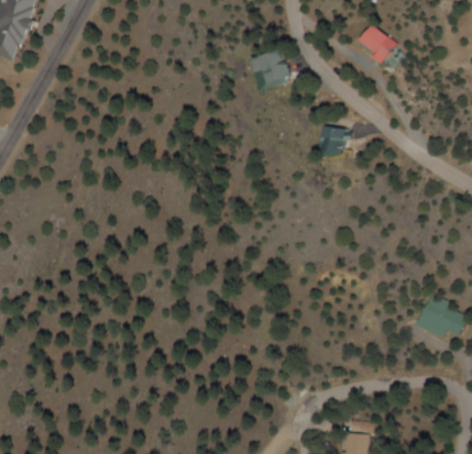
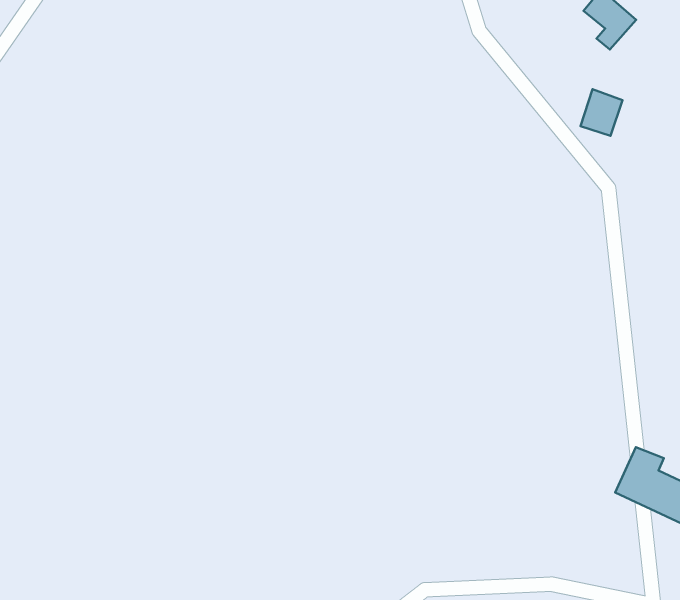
building: [262,51,288,84] -> none
building: [323,125,347,152] -> [580,89,623,136]

